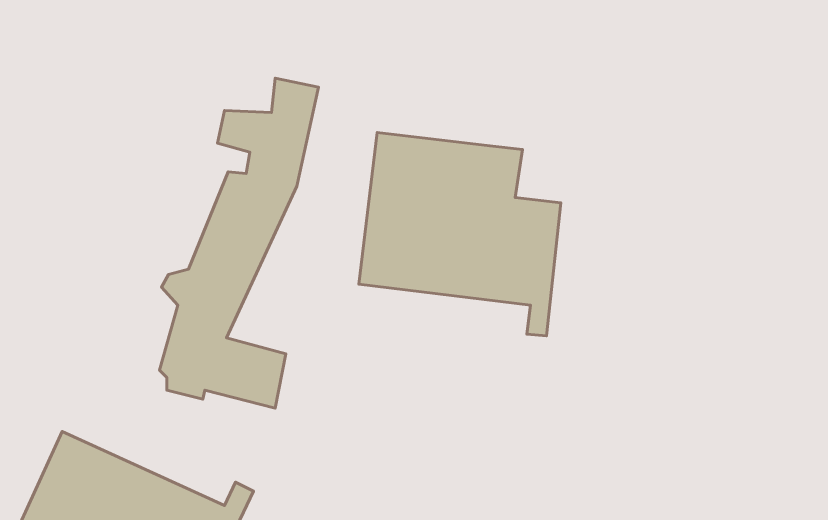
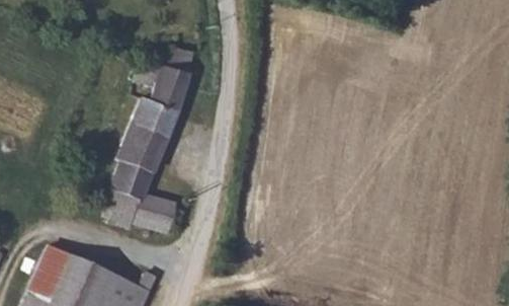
building: [359,132,561,336] -> none

